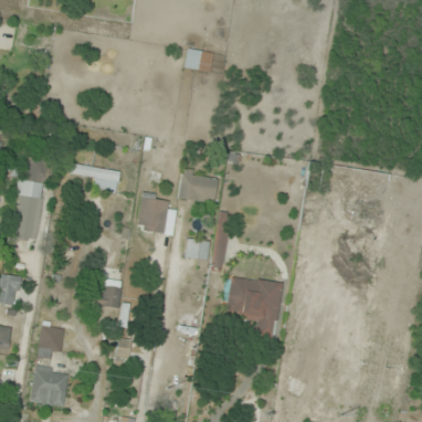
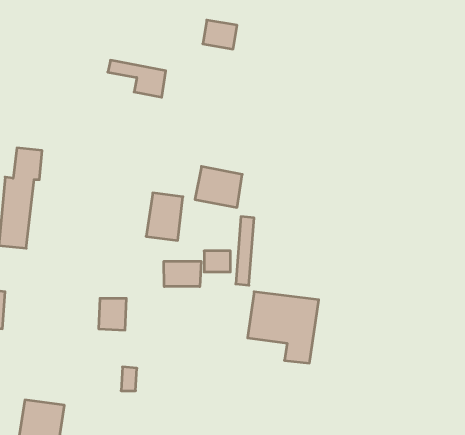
building: [71,163,119,194] -> [108,60,166,97]
building: none -> [164,261,201,287]
building: [35,325,65,361] -> none

